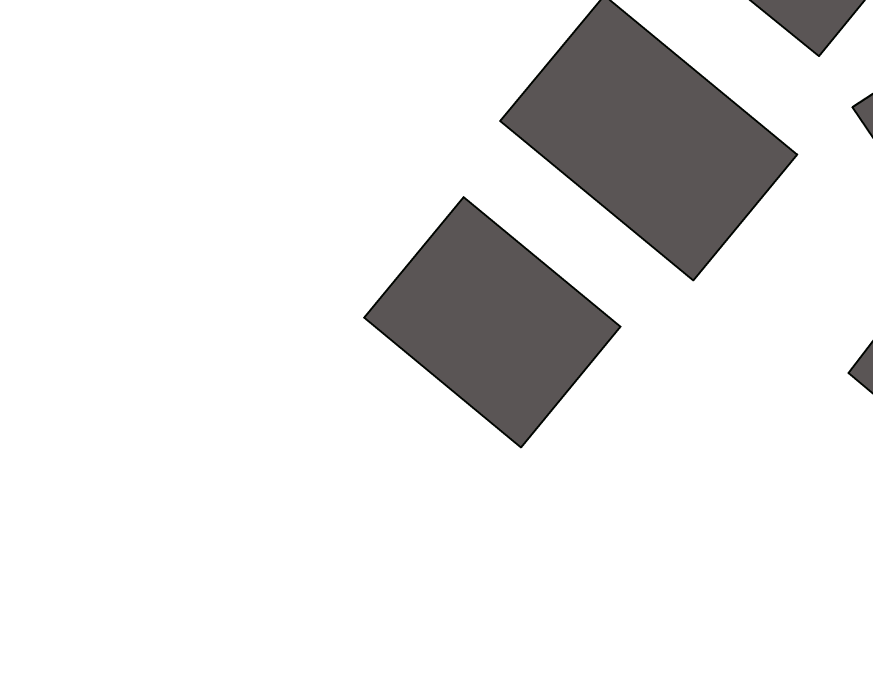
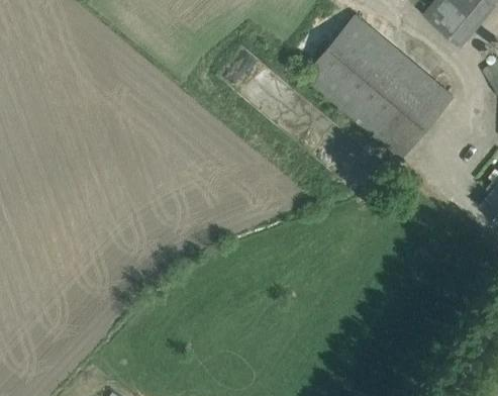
building: [364,197,621,447] -> none

